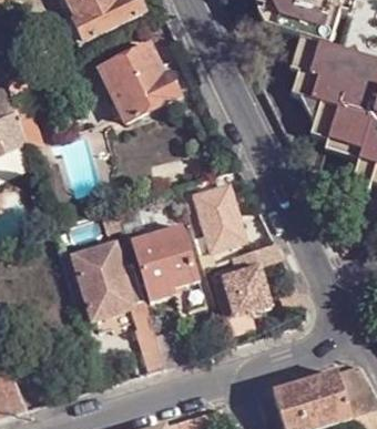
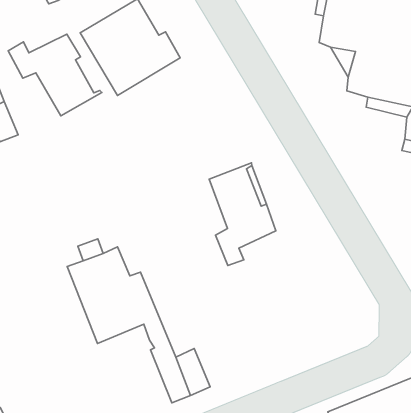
building: none -> [8,34,102,116]
building: [131,224,197,299] -> none
building: [212,242,282,318] -> none

